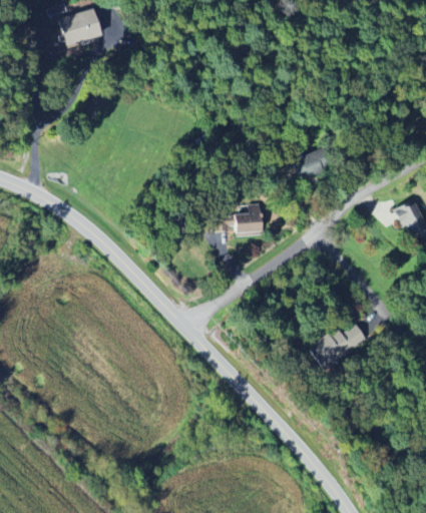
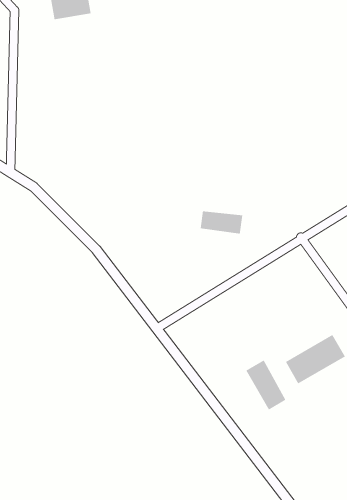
building: [296,156,323,174] -> none
building: none -> [245,359,286,411]

